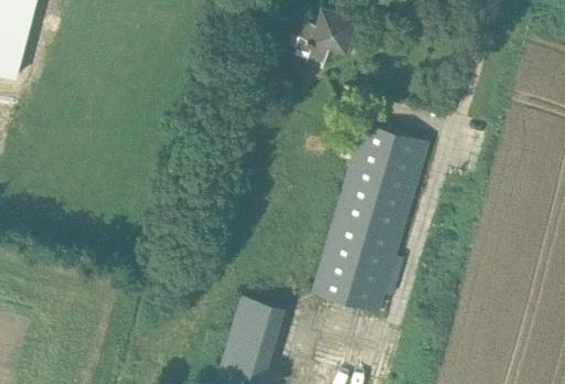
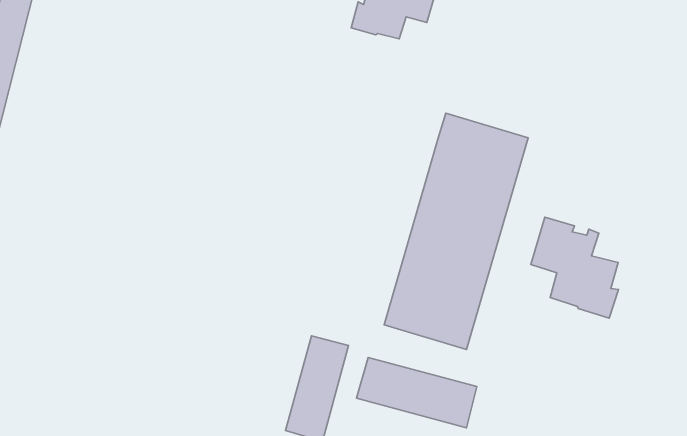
building: none -> [531,217,618,318]
building: none -> [356,357,477,428]

